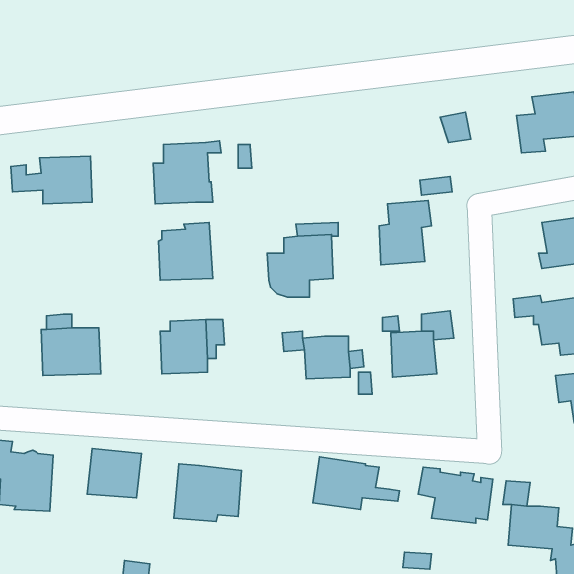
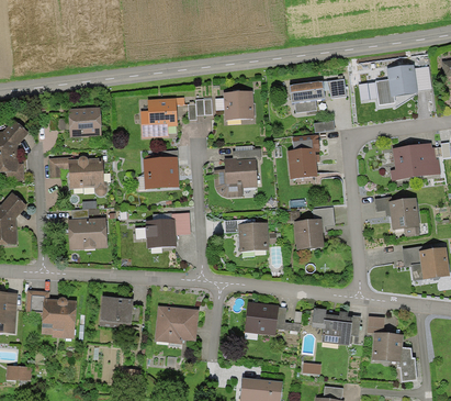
building: none -> [289,81,324,113]
building: none -> [224,91,253,120]
building: none -> [47,156,106,197]

